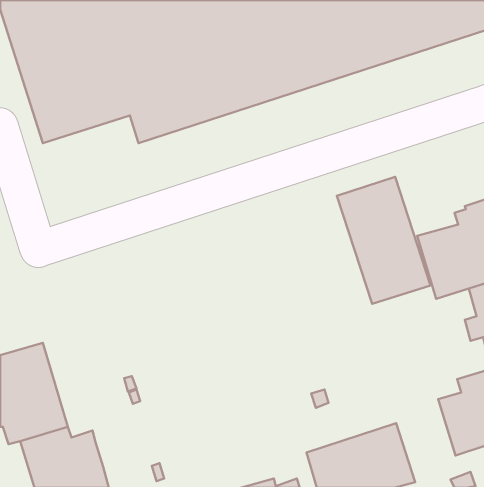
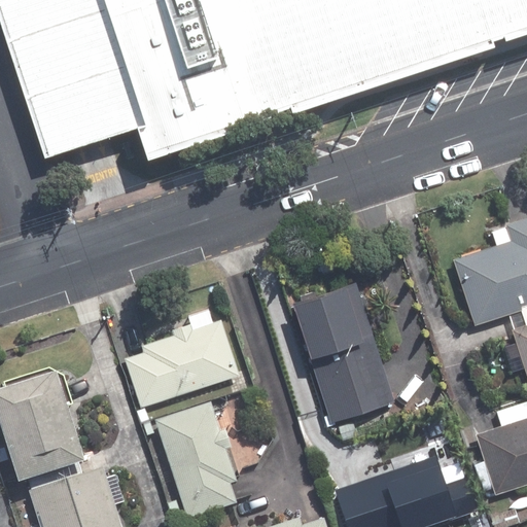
building: [337,177,430,304] -> [293,282,394,419]
building: none -> [125,317,241,406]
building: none -> [154,401,237,519]

